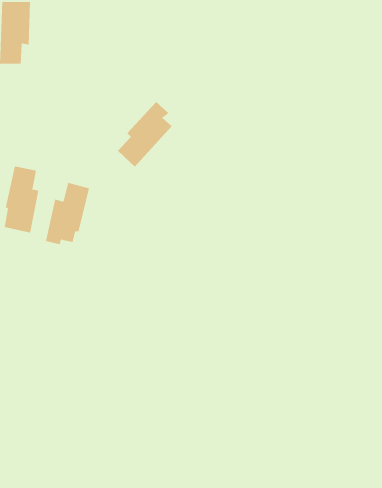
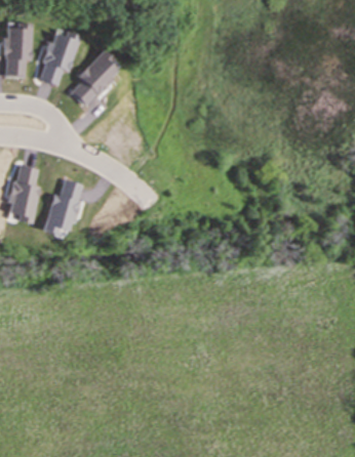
building: none -> [39,33,79,85]
building: [117,101,173,168] -> [70,49,118,107]

